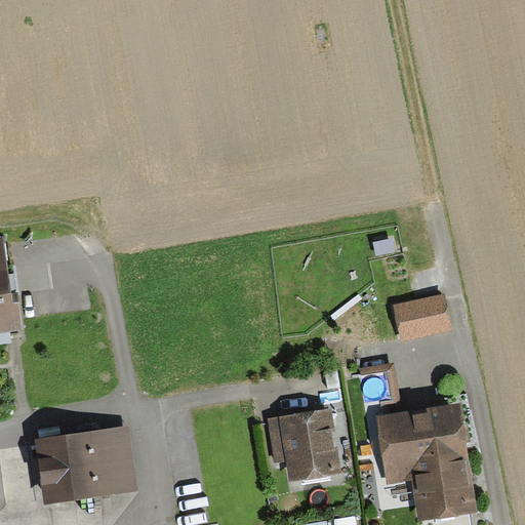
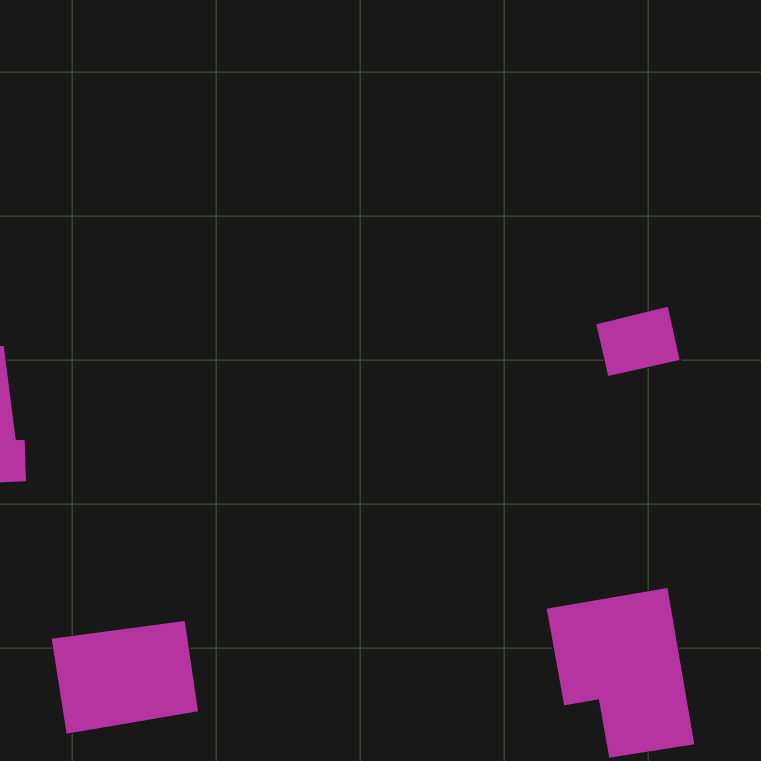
building: [393,293,451,341] -> [595,306,681,376]
building: [267,408,340,481] -> none

